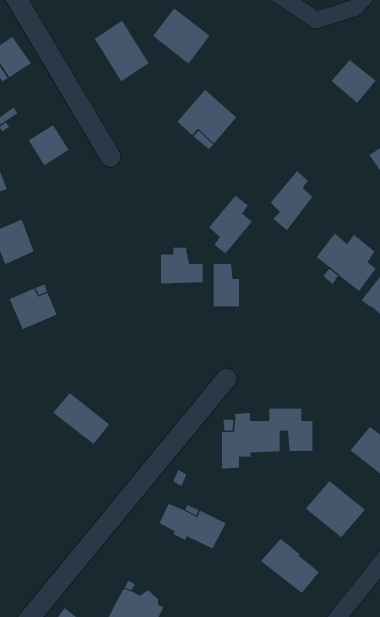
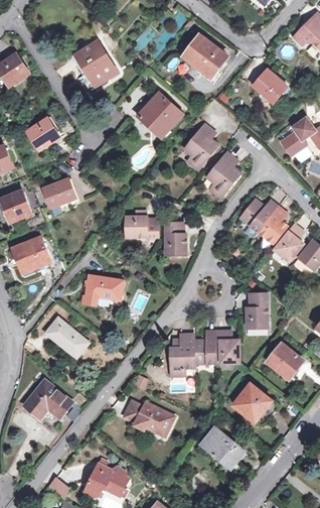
building: [152,8,210,64] -> [184,34,227,77]
building: [208,195,253,254] -> [184,124,217,168]
building: none -> [44,178,76,207]
building: none -> [85,273,123,304]
building: none -> [246,292,268,328]
building: none -> [25,380,72,417]

